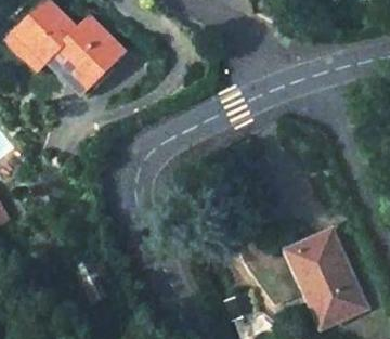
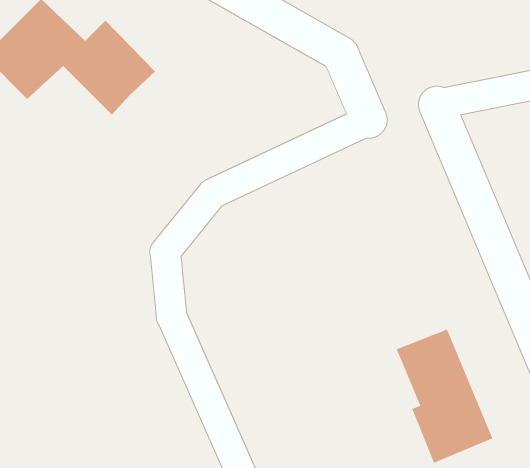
building: [49,48,113,97] -> none

